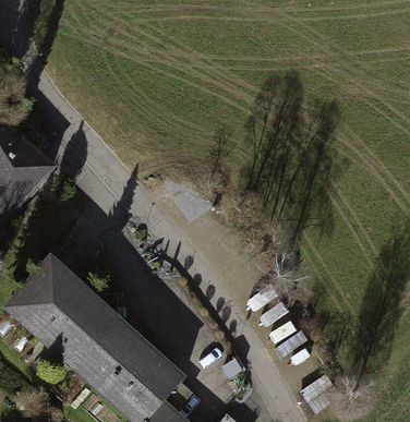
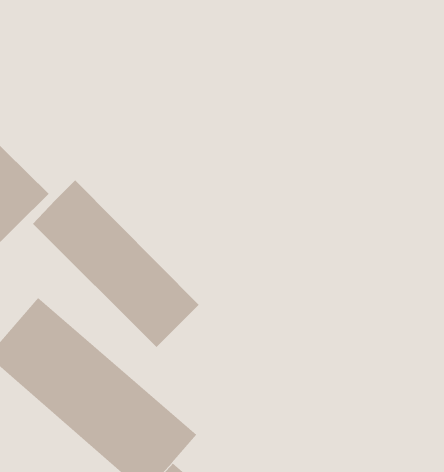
building: none -> [32,180,200,348]

